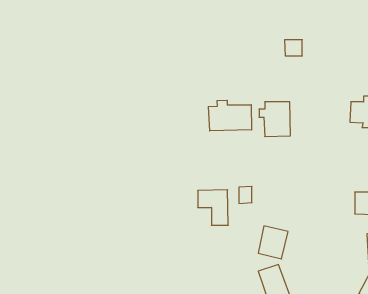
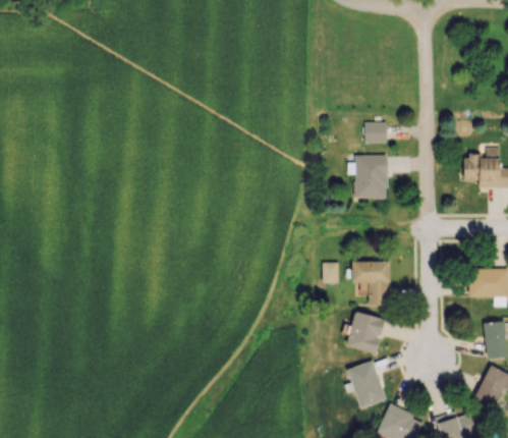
building: [285,40,302,56] -> [364,122,387,143]
building: [208,100,252,131] -> none
building: [198,190,228,225] -> [352,261,391,306]

